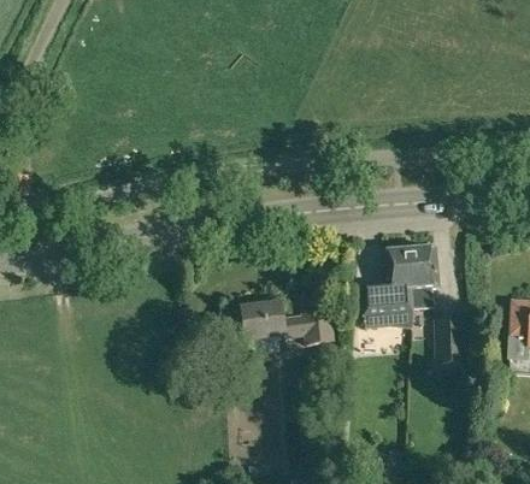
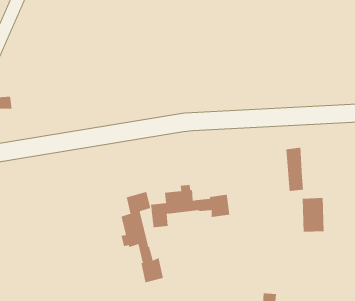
building: [365,253,413,340] -> none
building: none -> [121,191,164,283]

